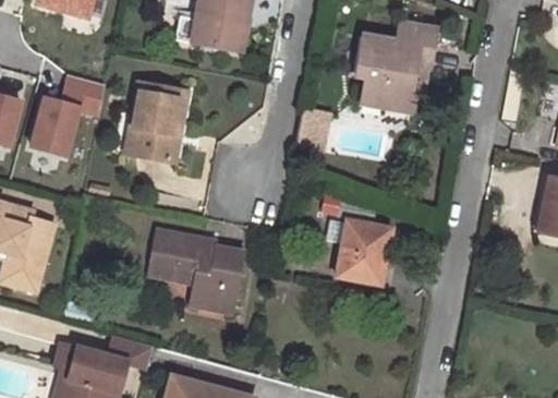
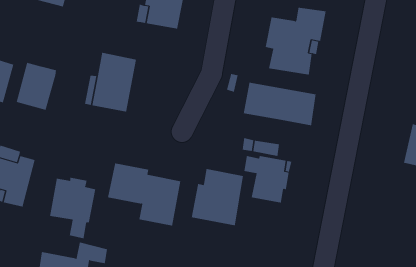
building: [60,74,106,118] -> none
building: none -> [243,82,316,126]
building: none -> [191,168,244,226]
building: none -> [49,177,96,239]

